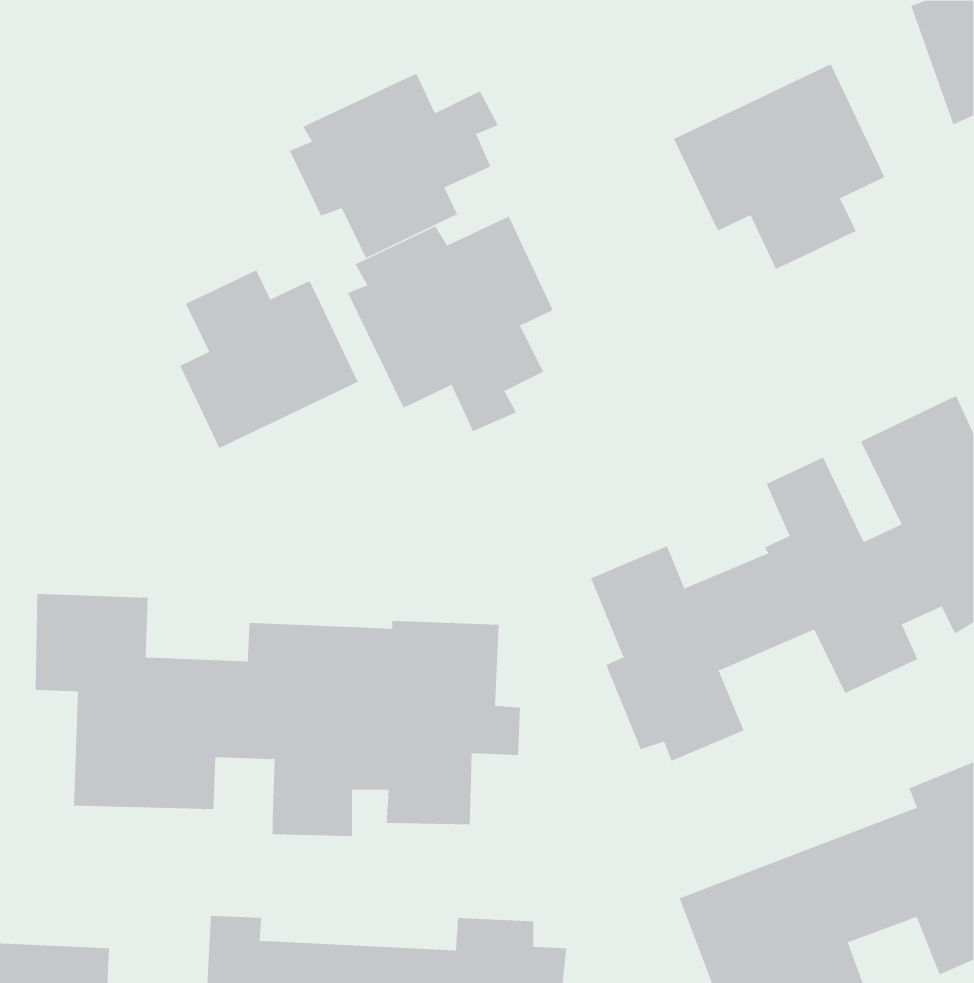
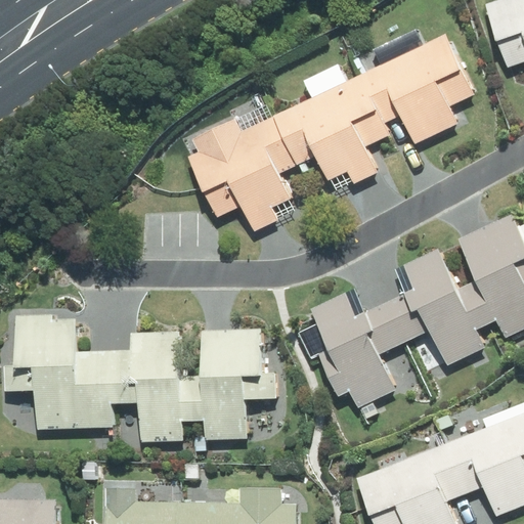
building: [289,73,499,259] -> none
building: none -> [270,75,387,184]
building: [180,270,359,449] -> none

